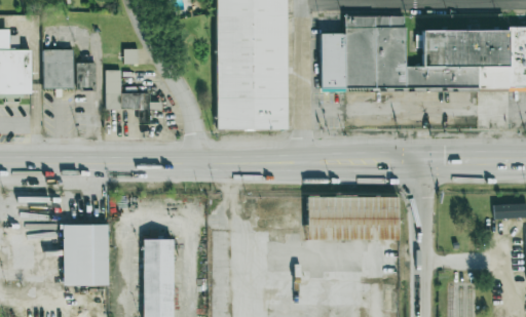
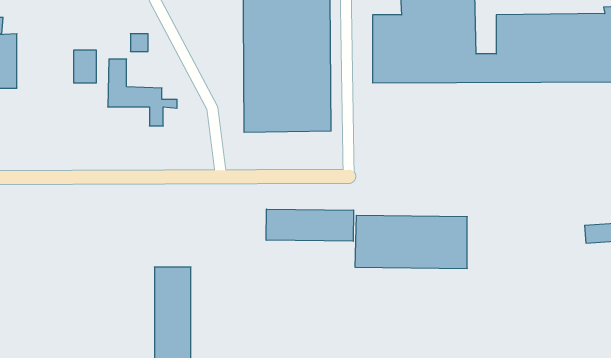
building: [44,48,75,87] -> none
building: none -> [266,209,354,241]
building: [64,224,109,284] -> none

